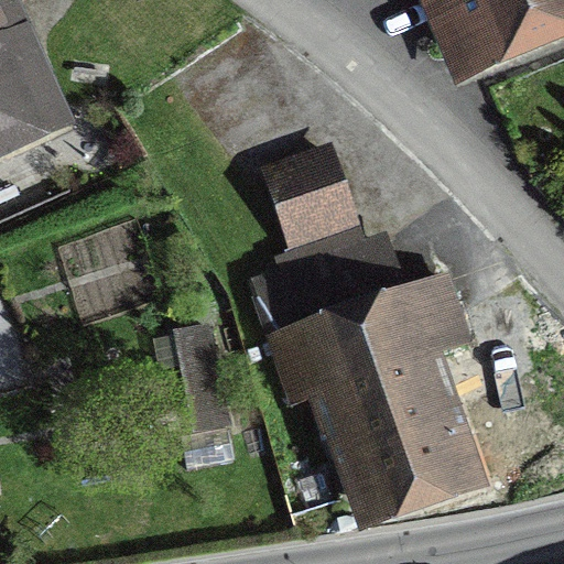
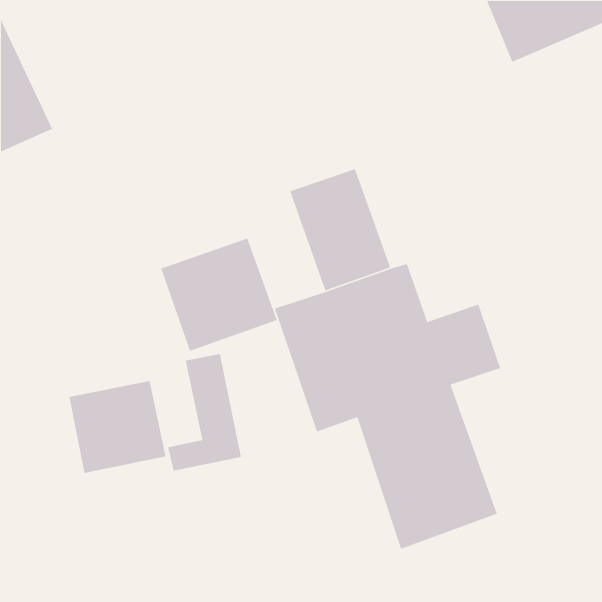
building: none -> [160,238,278,352]
building: none -> [68,380,166,474]

